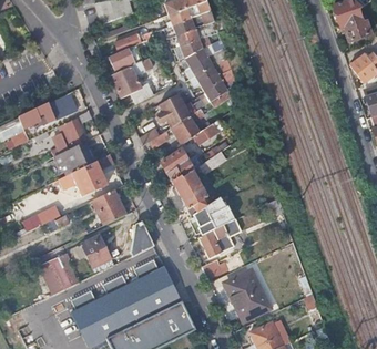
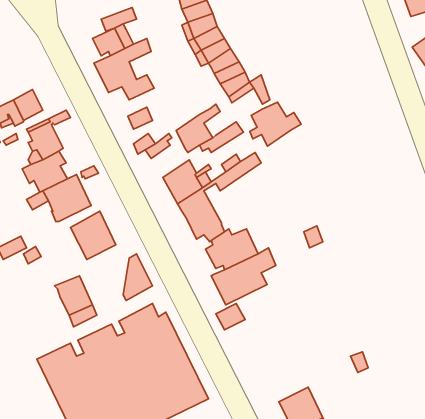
building: [159,93,197,126] -> [250,102,301,146]
building: [48,255,78,291] -> none
building: [226,270,268,319] -> none

